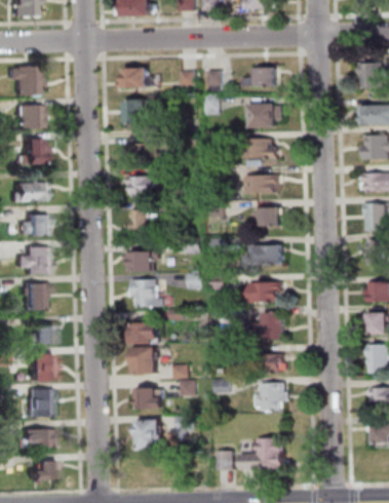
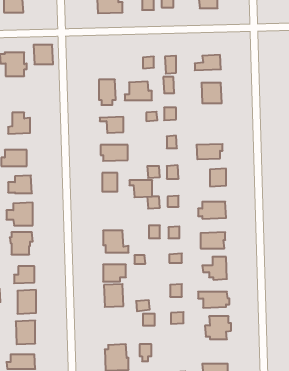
building: [119,65,152,87] -> [125,82,152,100]
building: [15,106,39,129] -> [34,45,53,64]
building: [241,140,276,160] -> none
building: [125,253,153,273] -> [129,180,152,197]
building: [138,388,162,409] -> none

